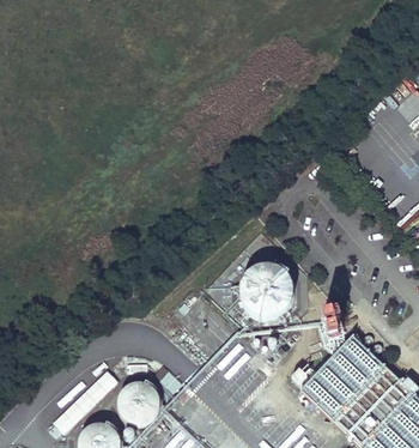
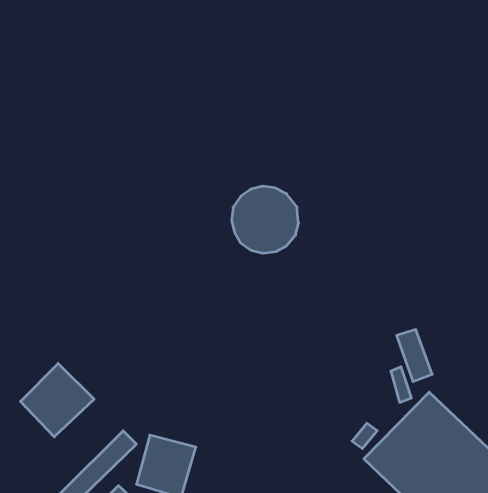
building: [239,266,293,320] -> [232,186,299,253]
building: none -> [20,363,94,437]

